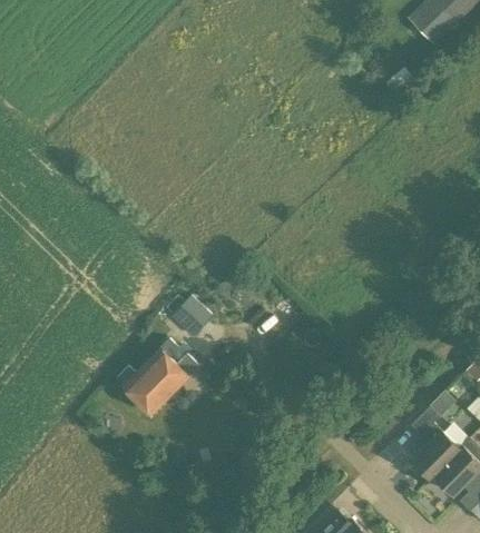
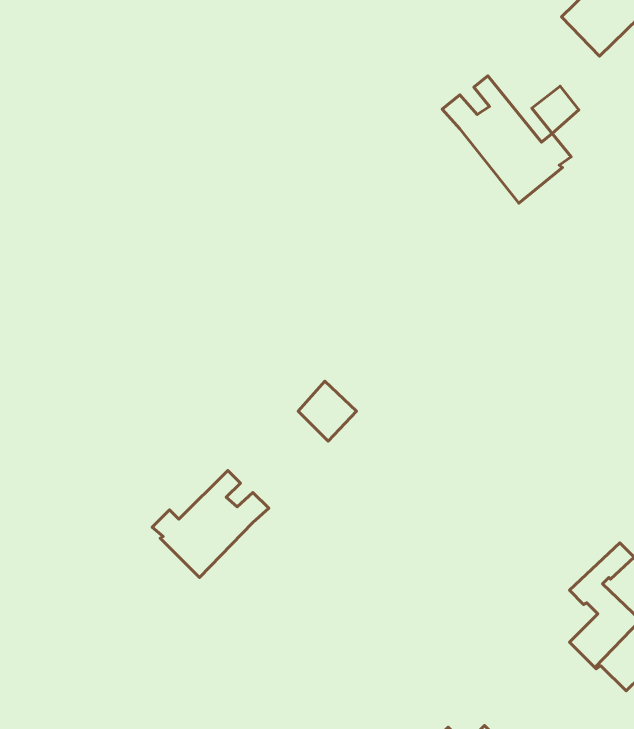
building: none -> [442,76,571,203]
building: [173,295,214,337] -> [298,381,356,441]

